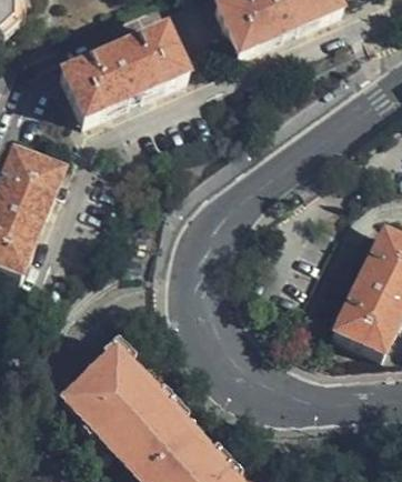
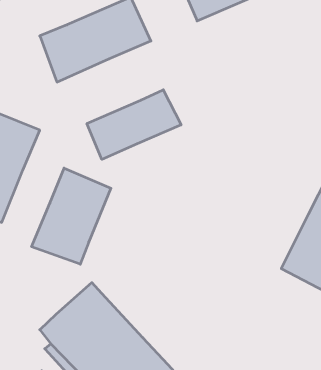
building: none -> [87,90,181,159]
building: none -> [32,168,111,264]

